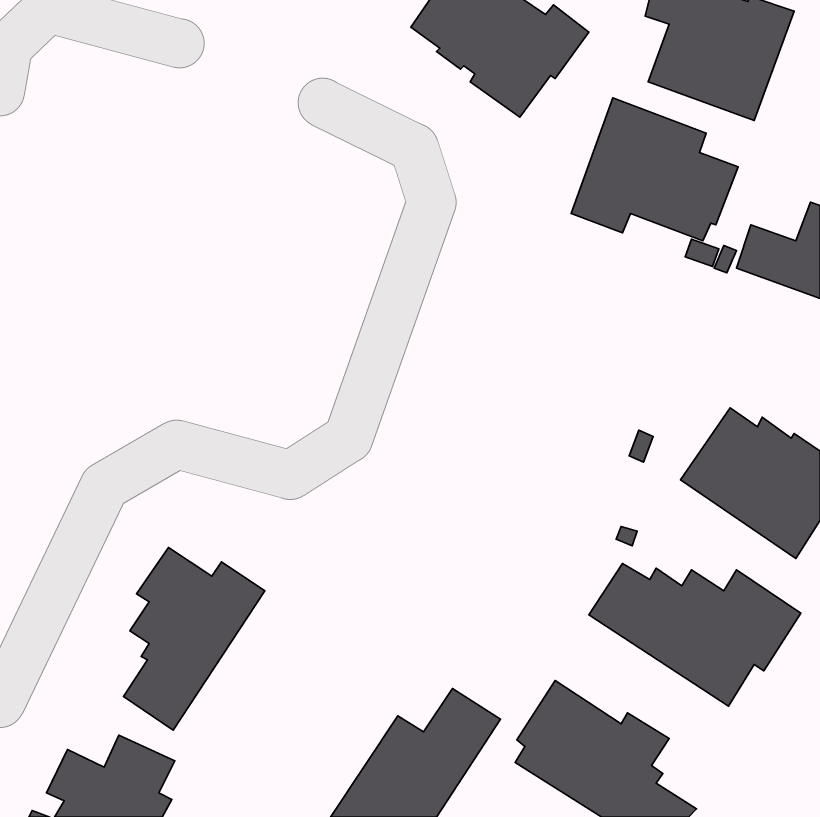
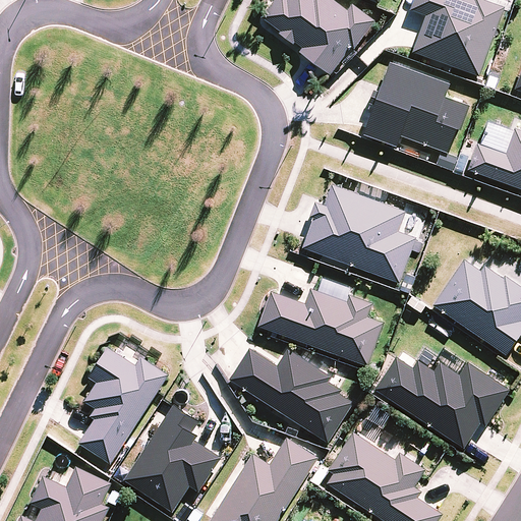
building: none -> [301,184,415,283]
building: none -> [256,288,383,365]
building: none -> [230,348,352,442]
building: none -> [124,404,220,511]

